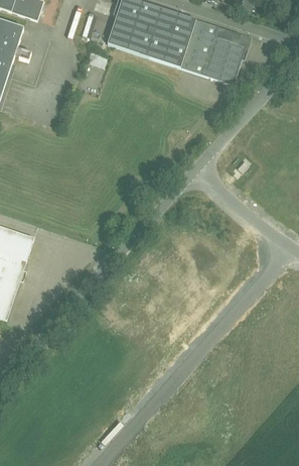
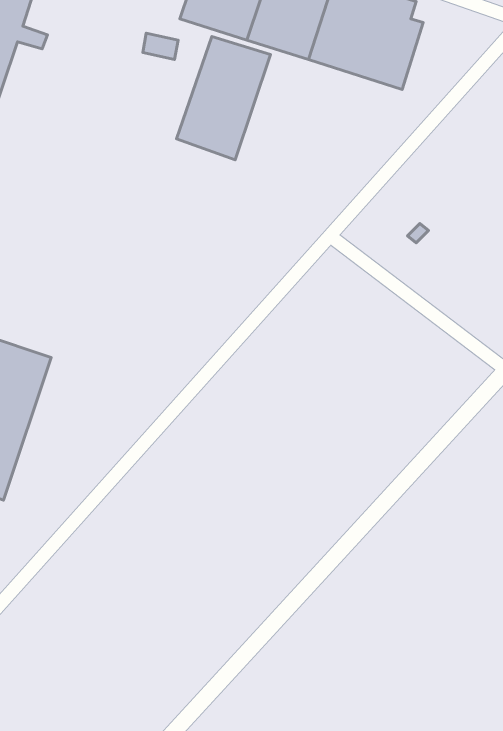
building: none -> [177,36,270,160]

